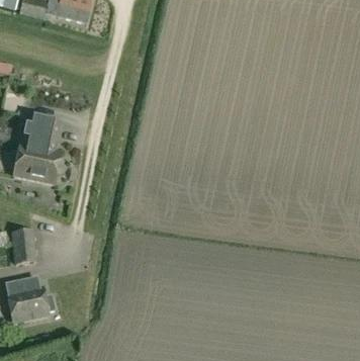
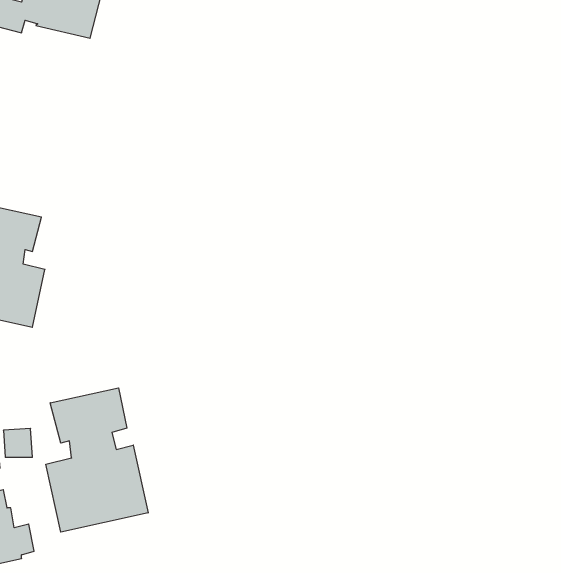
building: none -> [46,388,148,532]

